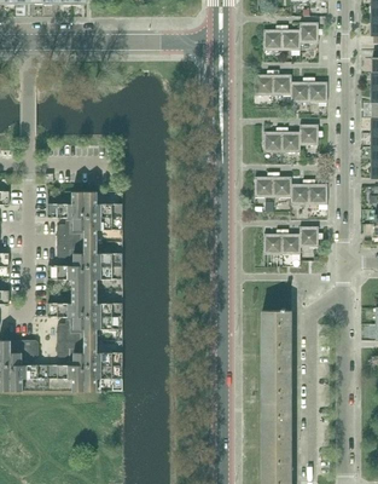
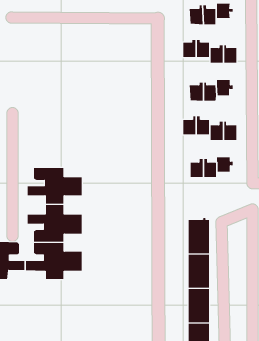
building: [47,191,122,241] -> none

